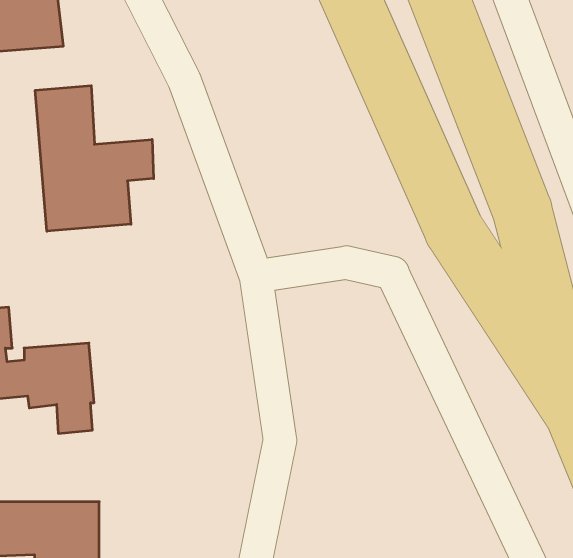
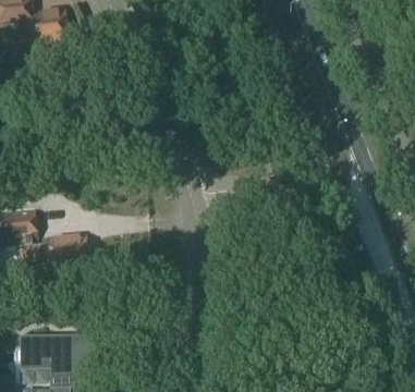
building: [35,86,154,231] -> none

